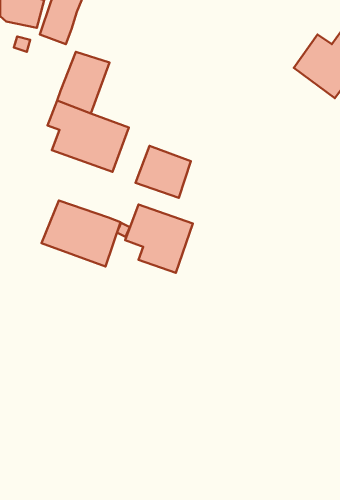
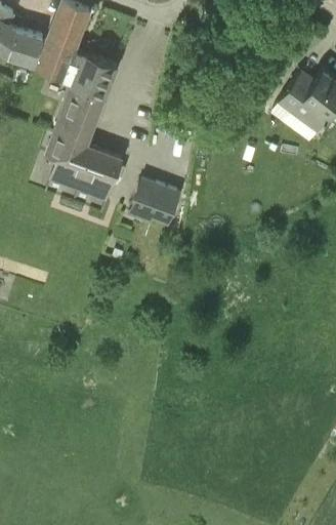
building: none -> [62,49,116,97]
building: [41,201,121,266] -> none
building: [125,204,193,273] -> none

